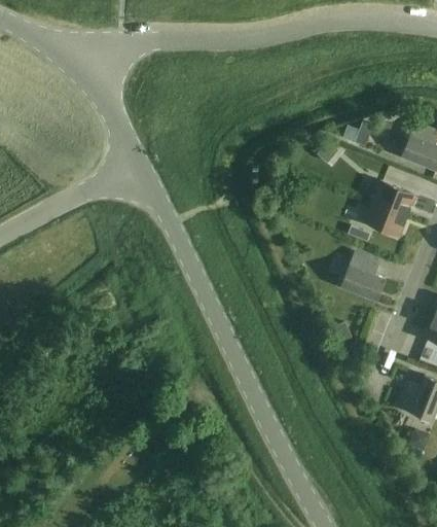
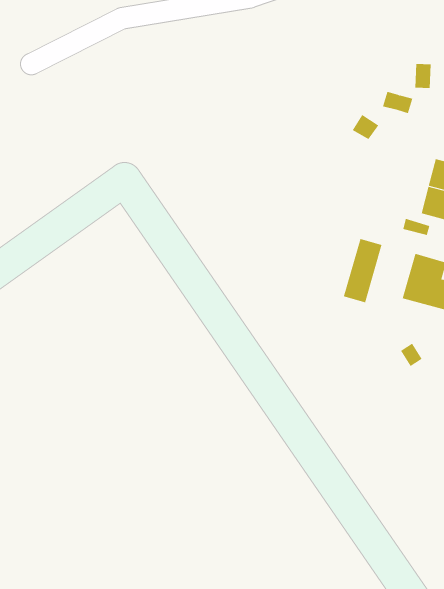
building: none -> [343,238,382,303]

